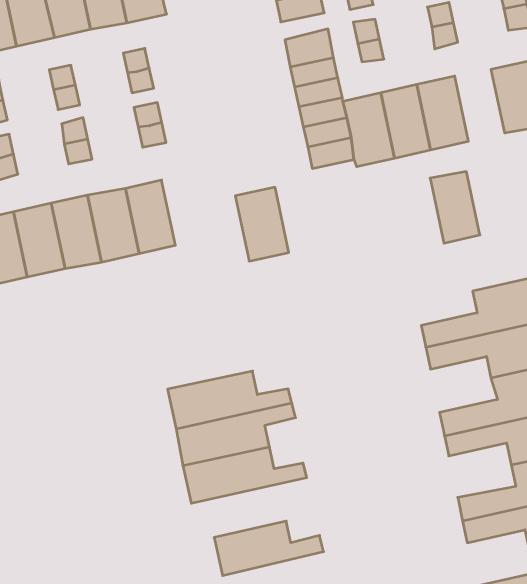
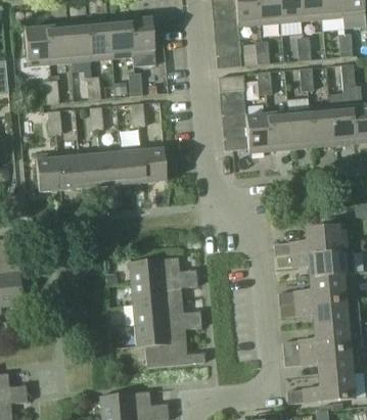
building: [430,172,480,243] -> [310,108,333,146]
building: [235,187,289,261] -> [141,144,167,183]
building: none -> [135,320,201,347]

